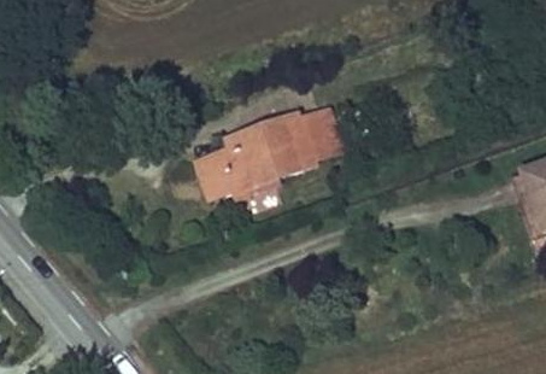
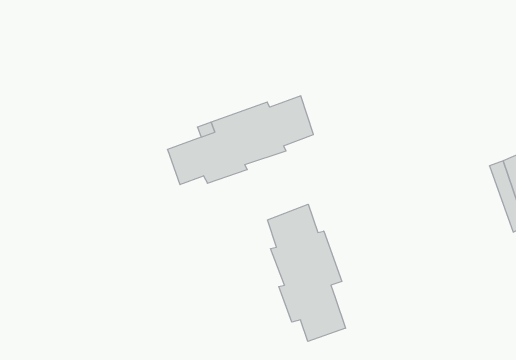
building: none -> [267,204,346,341]

